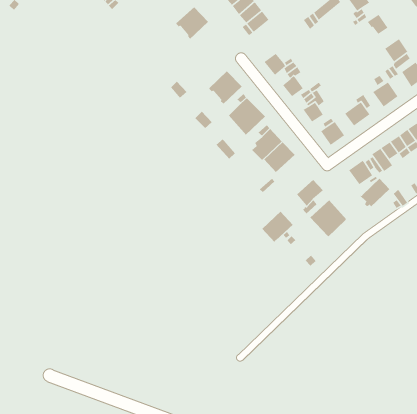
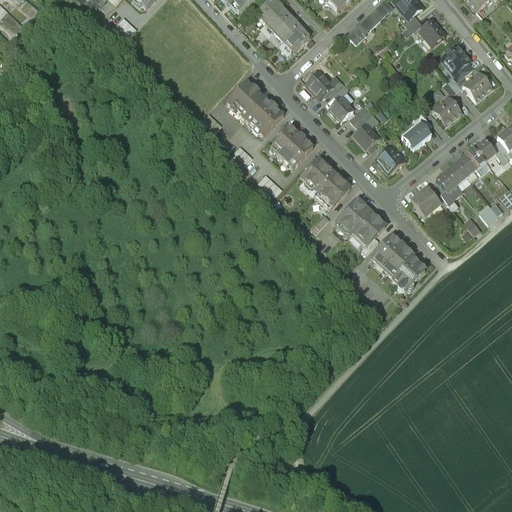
building: [175,7,209,40] -> [227,80,265,118]
building: [360,178,390,207] -> [392,256,426,290]
building: [262,211,294,243] -> [336,197,372,234]

